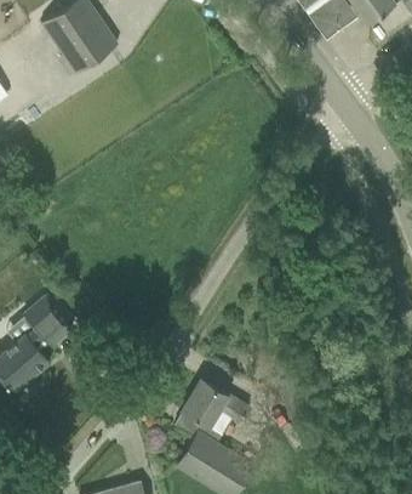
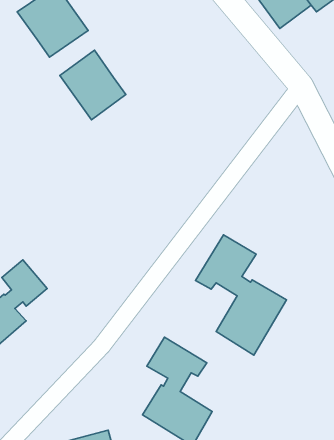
building: none -> [60,50,126,120]
building: none -> [195,235,287,355]

